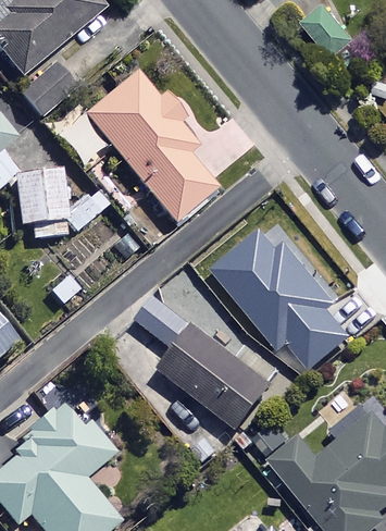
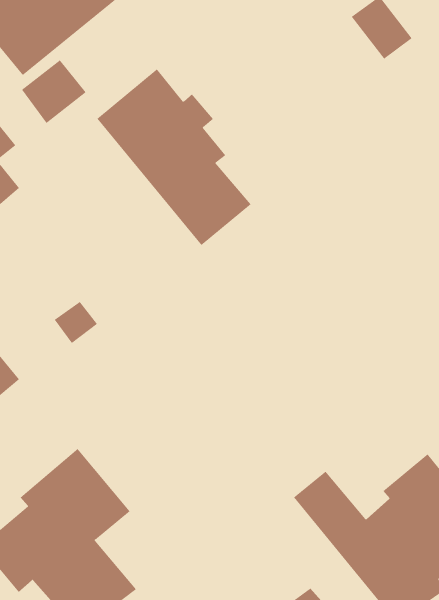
building: [15,173,109,235] -> none
building: [212,227,354,370] -> none
building: [138,295,272,430] -> none

